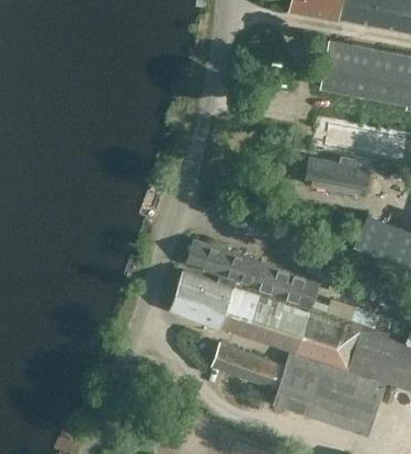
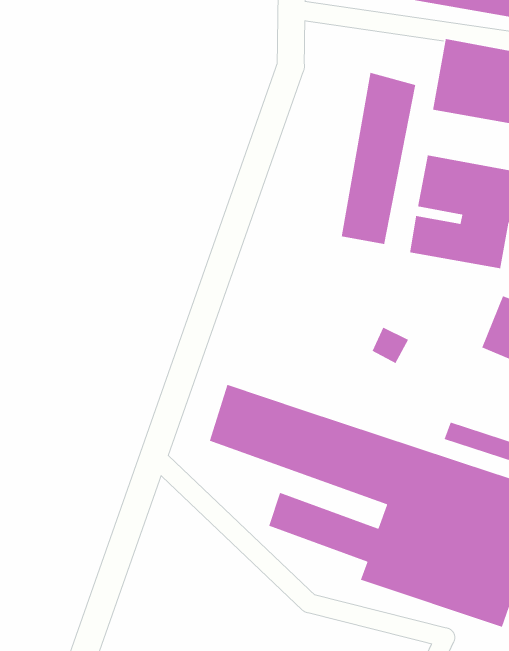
building: none -> [341,72,416,245]
building: [186,242,320,308] -> none

